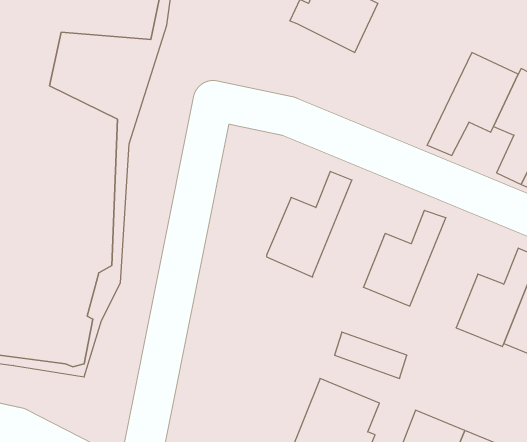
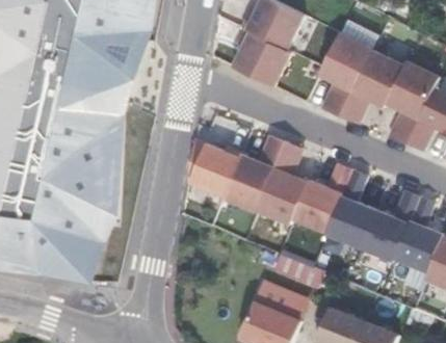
building: none -> [233,29,291,86]
building: none -> [318,33,371,116]
building: none -> [189,139,241,195]
building: none -> [257,141,308,223]
building: none -> [325,168,375,247]

